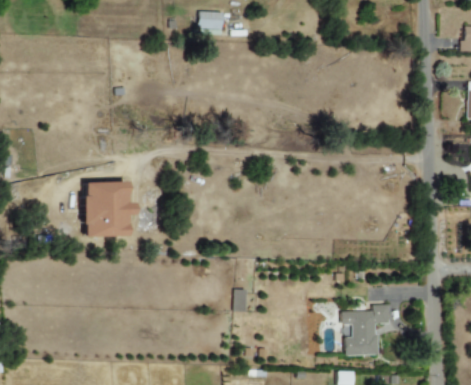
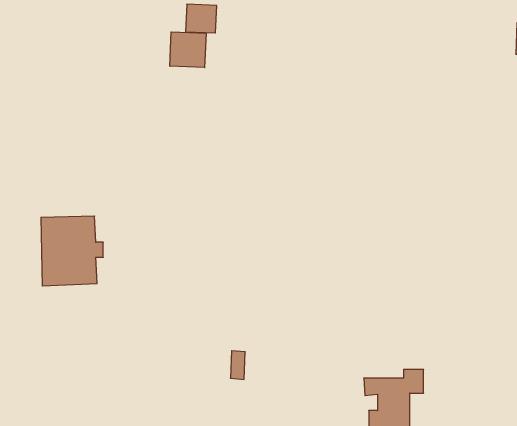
building: none -> [170,32,206,68]

